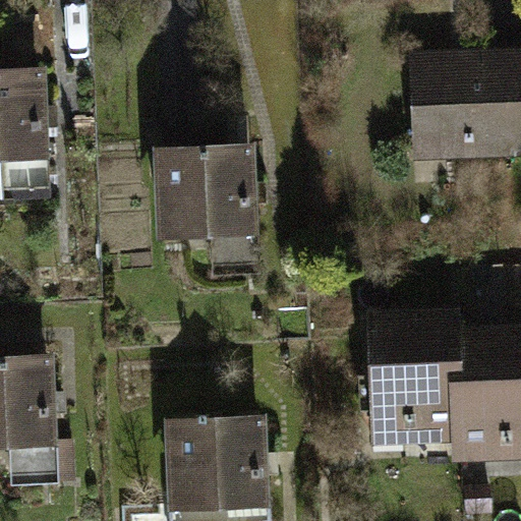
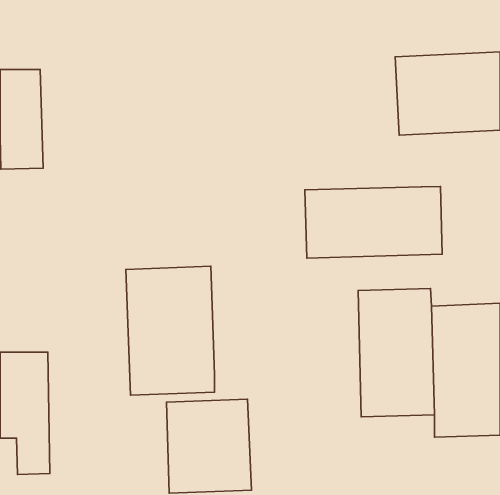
building: [159,148,251,263] -> none
building: none -> [305,187,442,258]
building: none -> [126,266,215,395]

